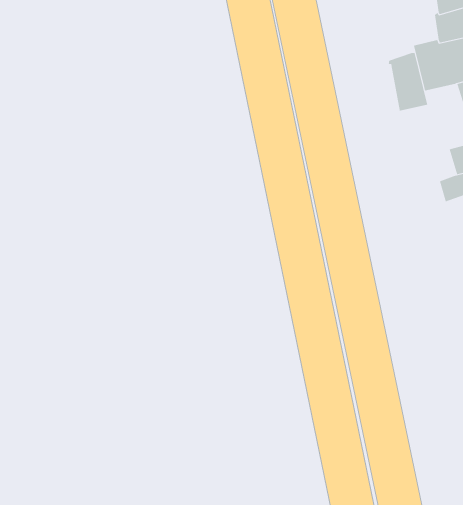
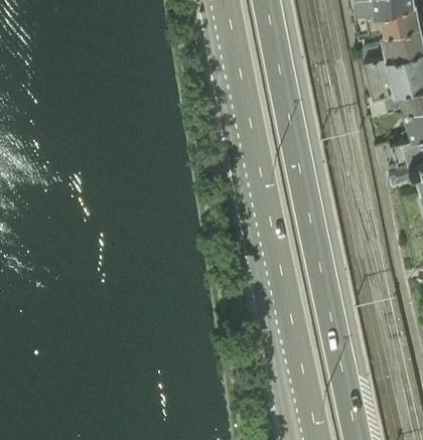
building: [388,52,428,111] -> none

